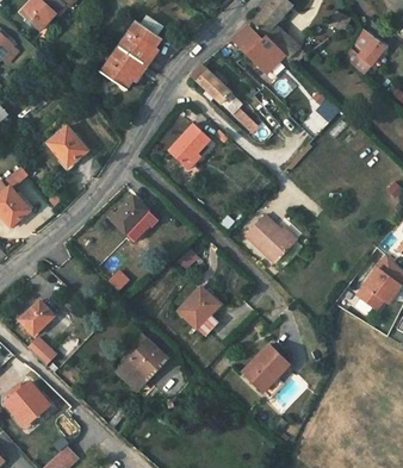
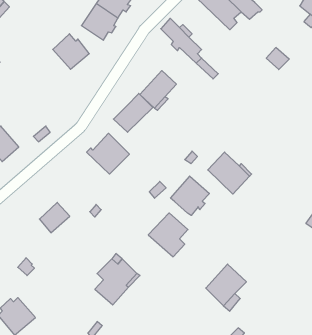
building: [48,125,89,166] -> [53,34,89,69]
building: none -> [113,93,153,132]
building: none -> [171,176,209,215]
building: [19,299,54,333] -> [39,202,70,233]

